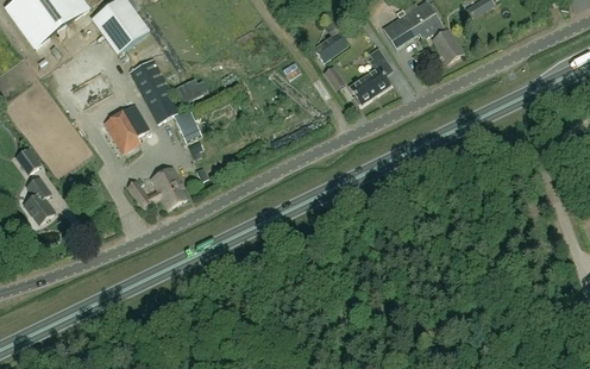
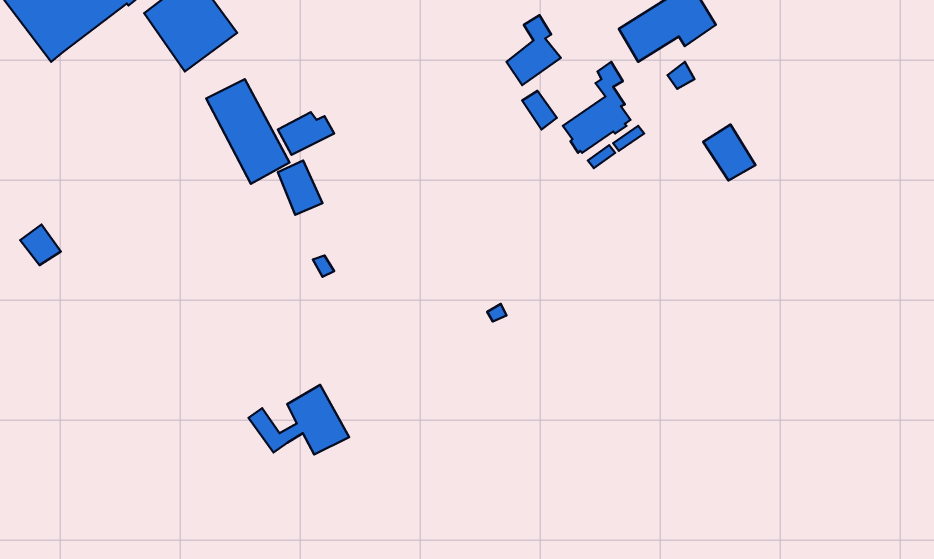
building: [432,27,464,62] -> [703,124,756,181]
building: [105,104,149,151] -> none
building: [127,165,189,208] -> [248,385,349,455]
building: [24,177,54,223] -> none

